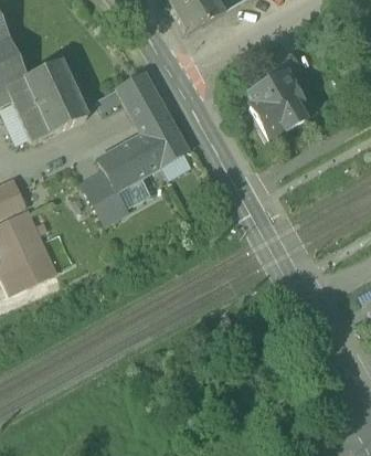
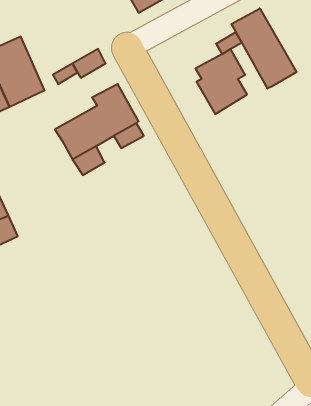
building: none -> [231,8,296,89]
building: [124,86,163,123] -> none
building: [82,169,127,221] -> none

